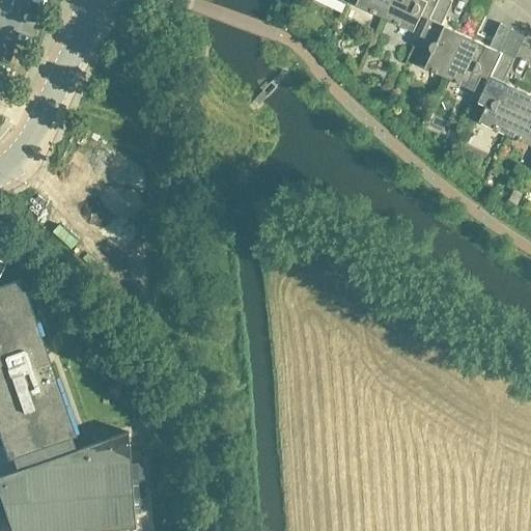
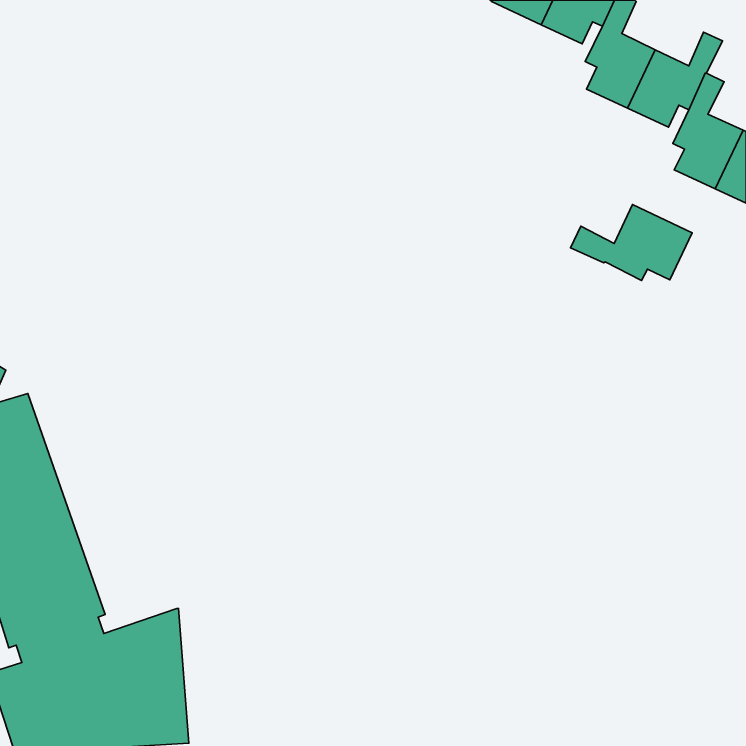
building: none -> [570,205,692,280]

